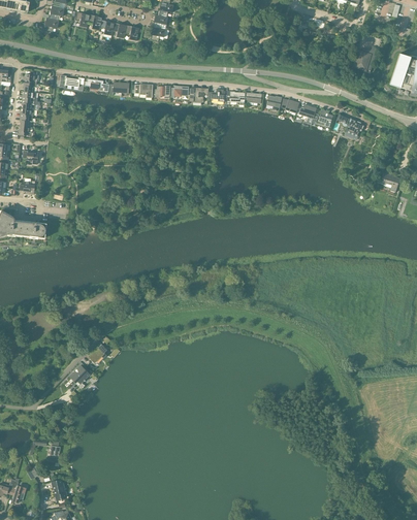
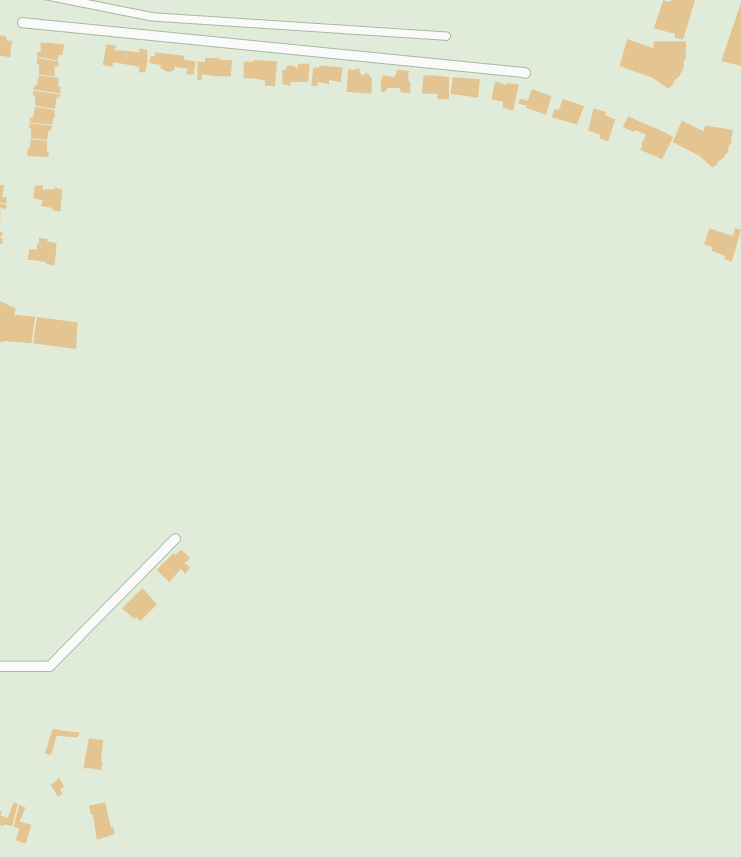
building: none -> [619,38,687,90]
building: none -> [672,120,733,168]

